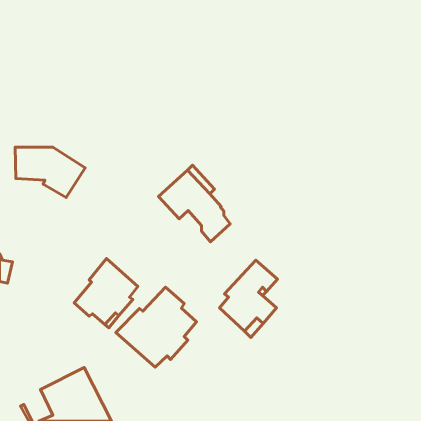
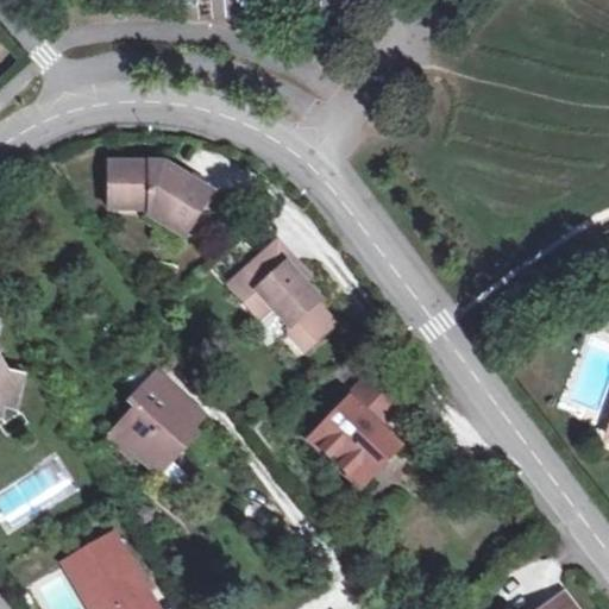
building: [15,147,85,197] -> [109,161,211,233]
building: [116,287,197,367] -> none

